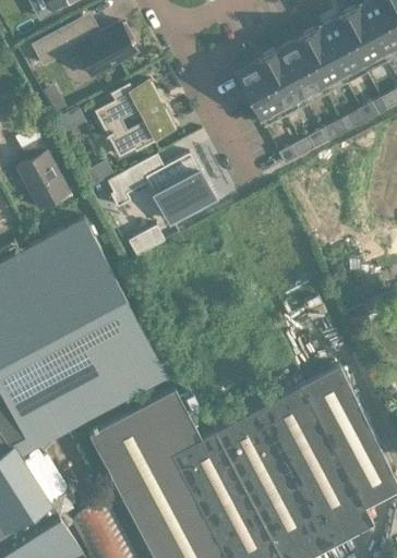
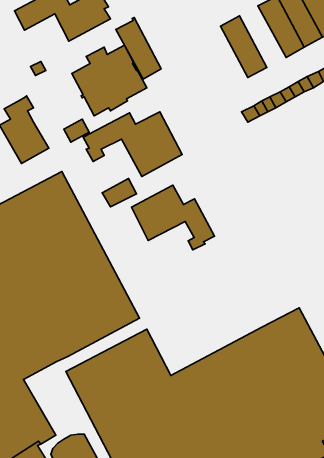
building: [275,39,325,106] -> none
building: [234,61,284,128] -> [116,17,161,79]
building: none -> [132,185,215,250]

